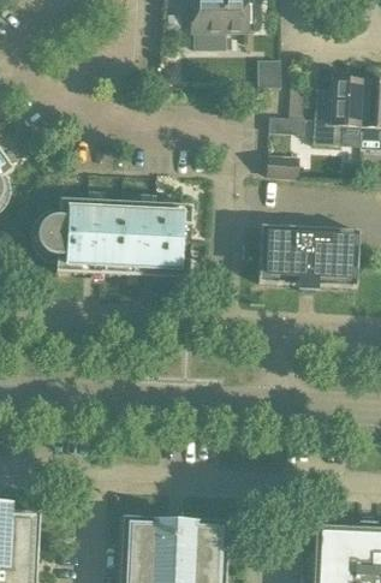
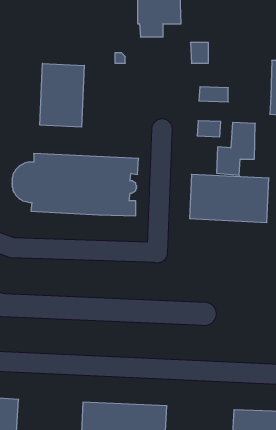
building: [315,78,364,145] -> [217,122,255,175]
building: none -> [40,63,84,127]

